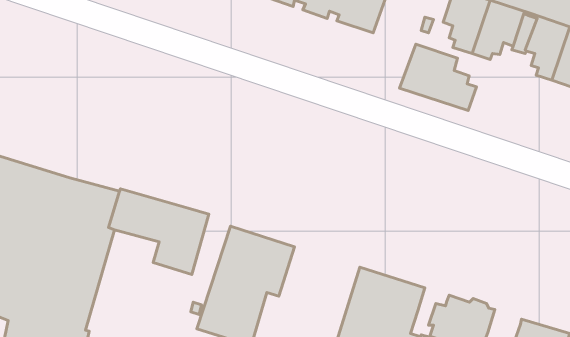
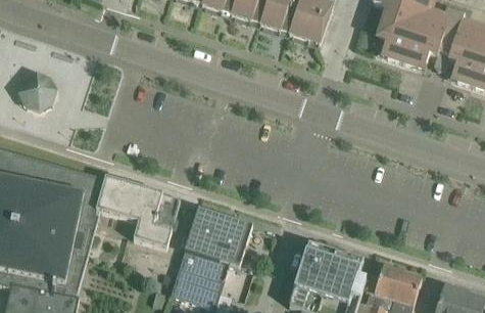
building: [400,44,476,111] -> none
building: none -> [16,72,55,109]

